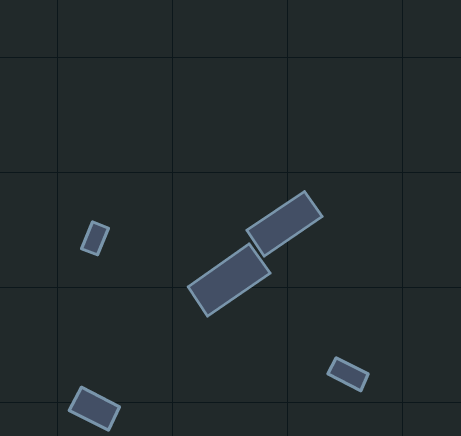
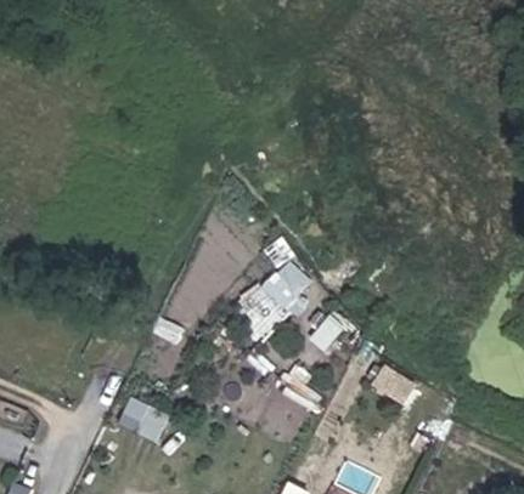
building: [247,192,322,256] -> none

